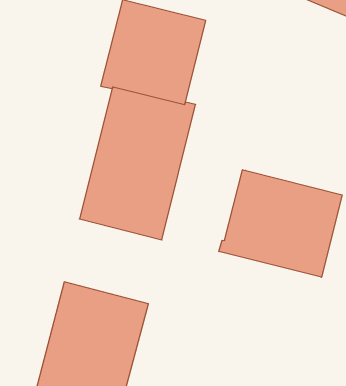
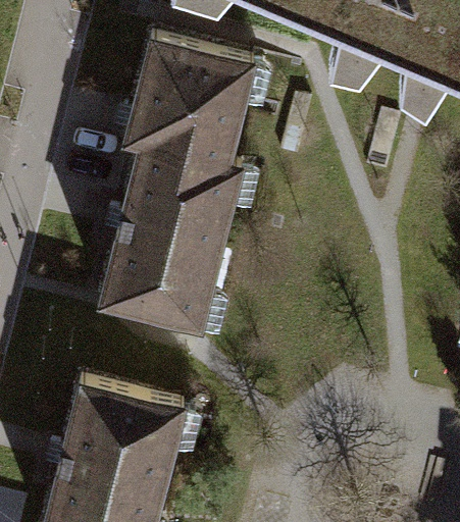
building: [219,170,342,277] -> none

